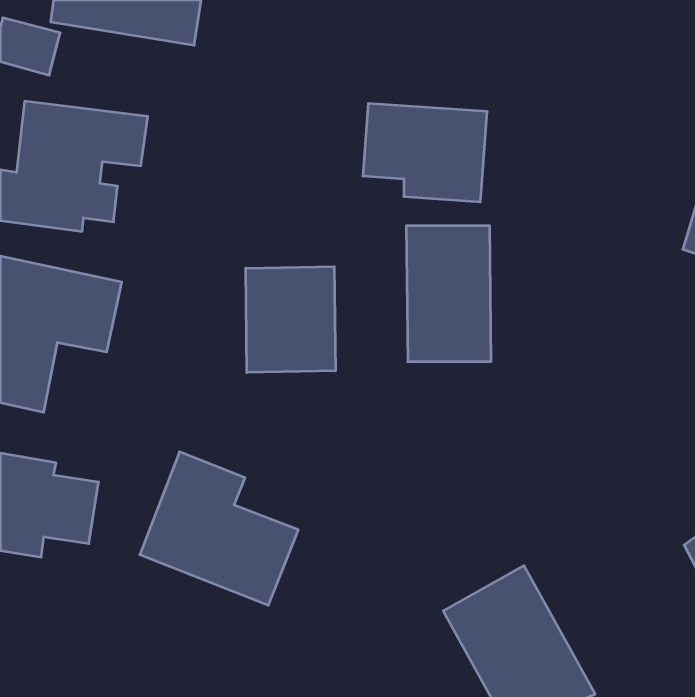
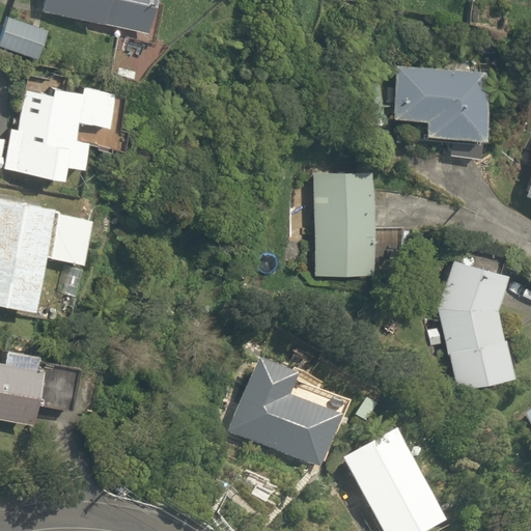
building: [363,103,487,202] -> [392,65,486,140]
building: [246,267,335,373] -> none
building: none -> [437,262,519,388]
building: [140,452,298,605] -> [224,359,344,475]

